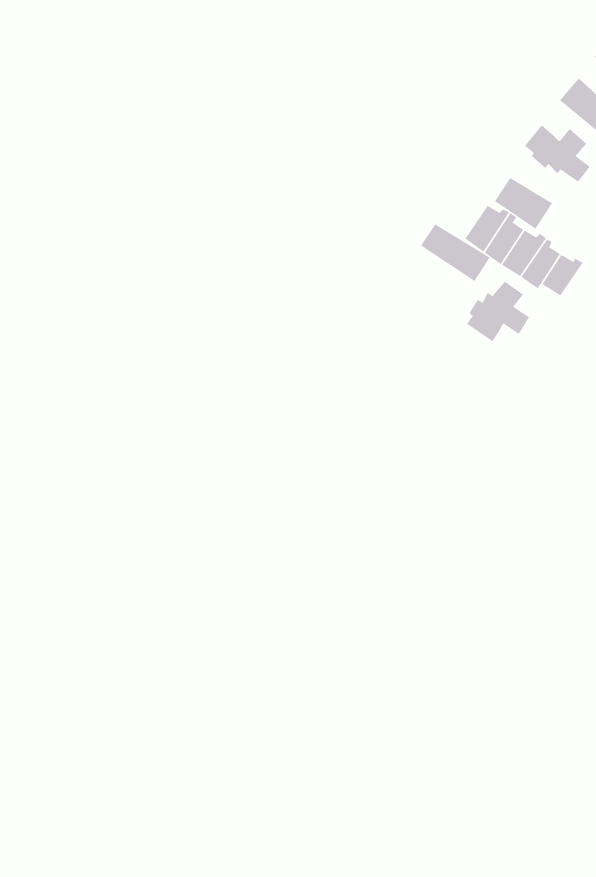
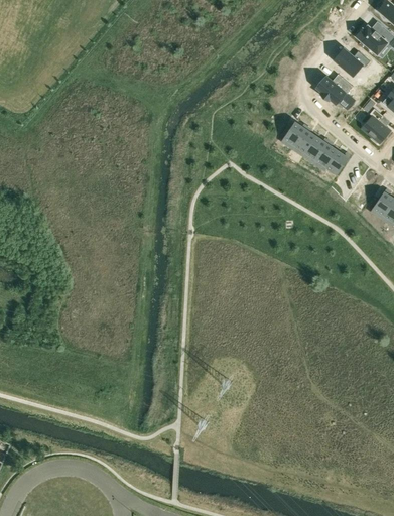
building: [494,177,553,229] -> none
building: [420,223,491,282] -> none
building: [466,281,530,342] -> none

